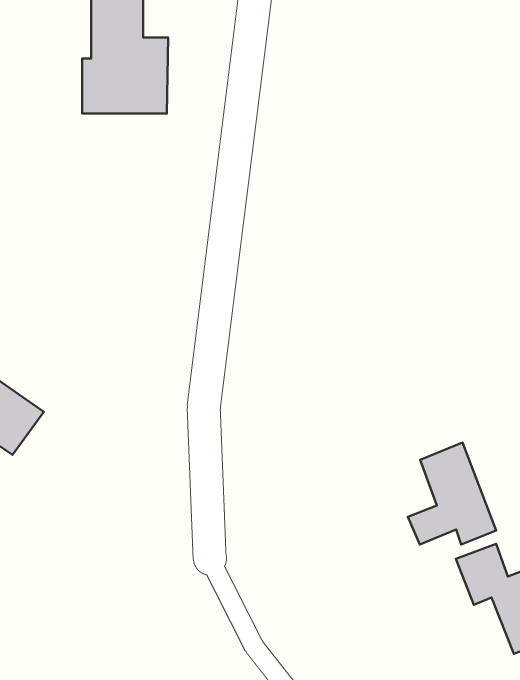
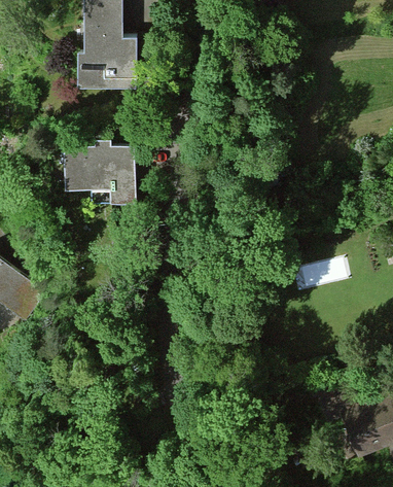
building: none -> [66,140,134,202]
building: [408,442,496,544] -> none

